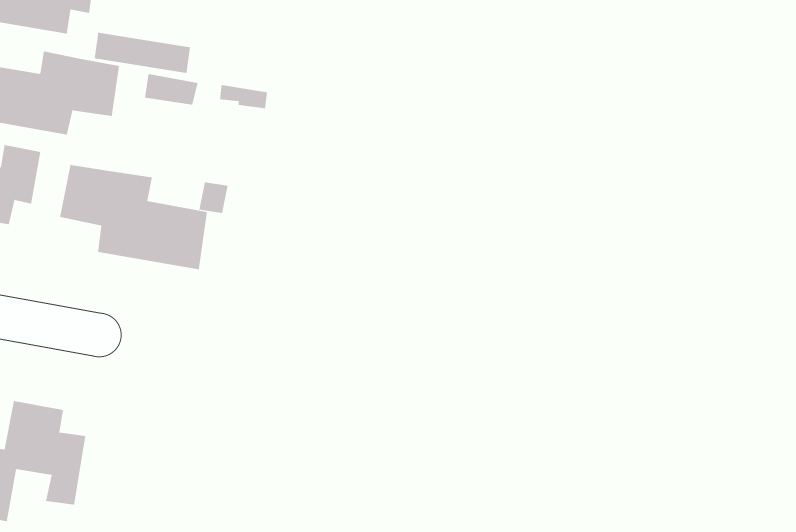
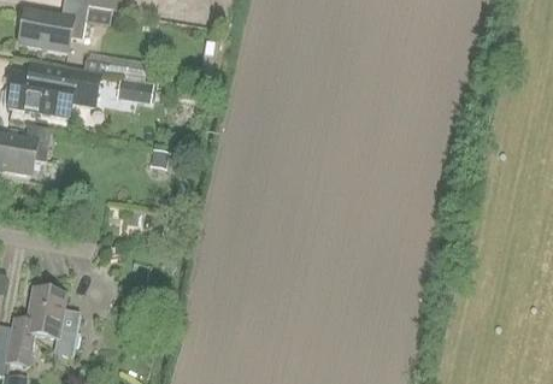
building: [60,164,208,270] -> none

